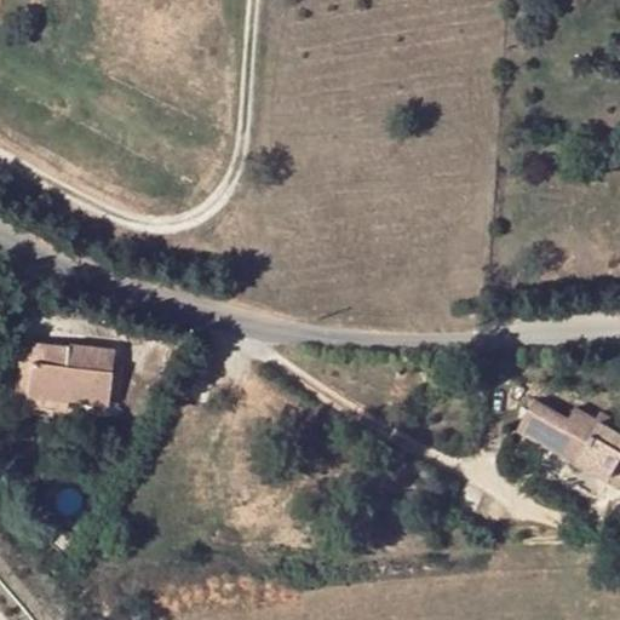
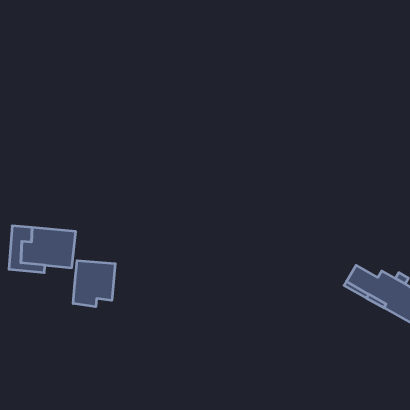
building: none -> [73,261,115,307]

